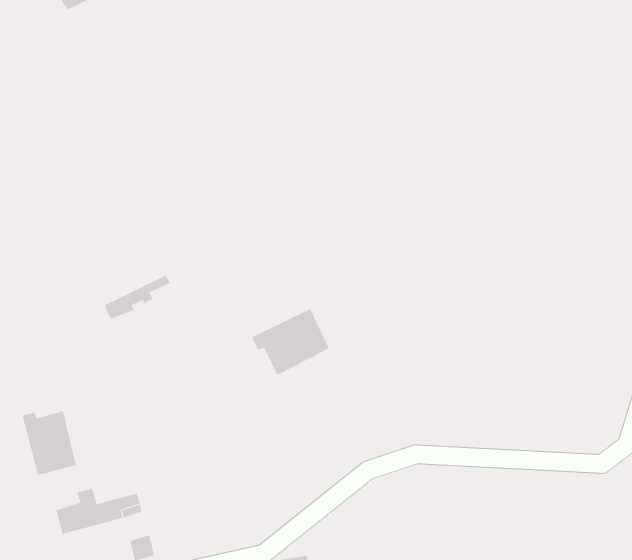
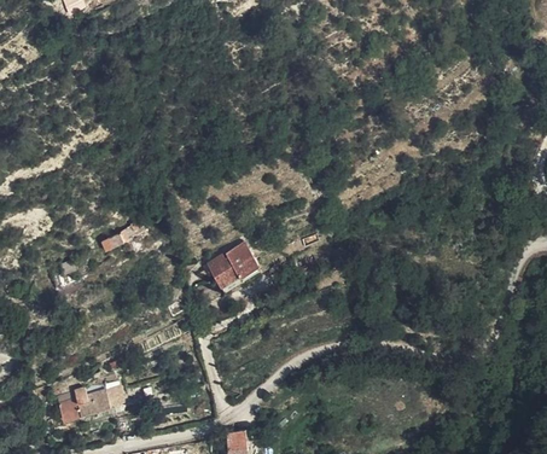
building: [22,410,76,476] -> none

